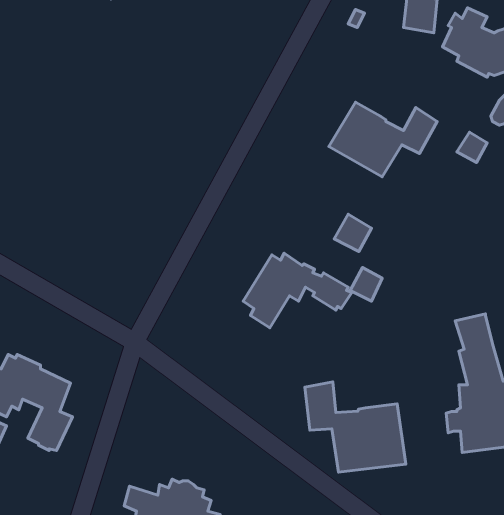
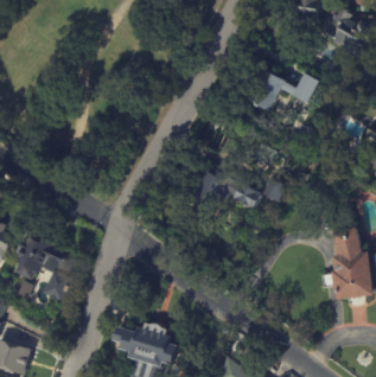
building: [305,382,406,472] -> none

